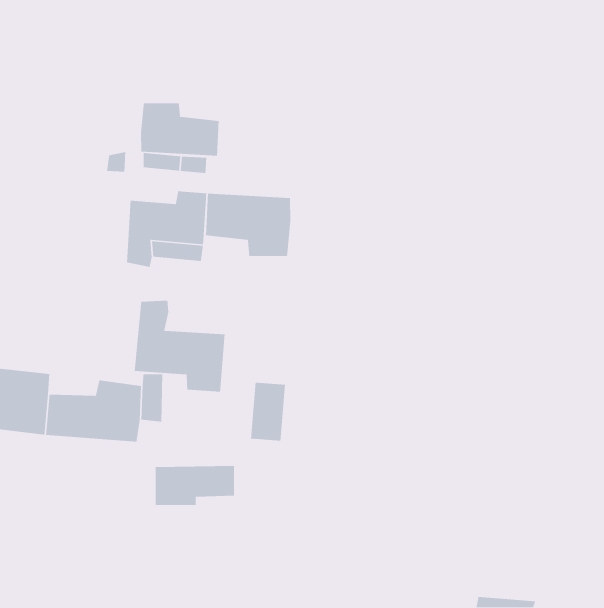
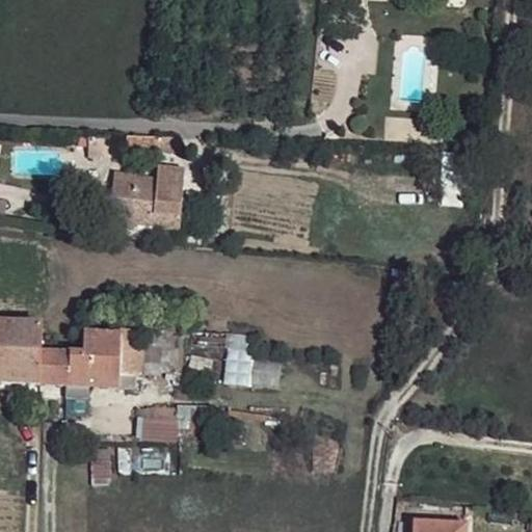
building: [140,102,220,157] -> none
building: [205,193,291,257] -> none
building: [134,300,225,392] -> none

